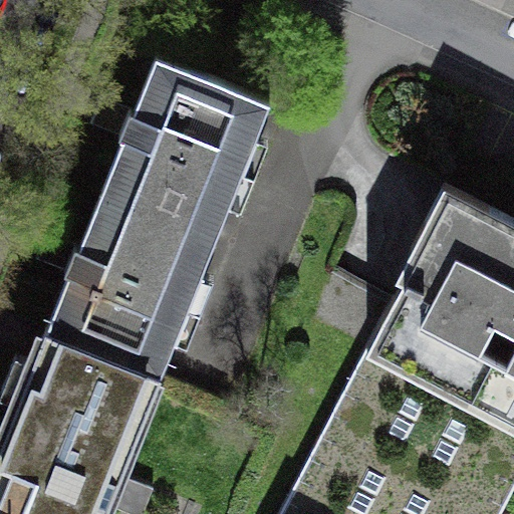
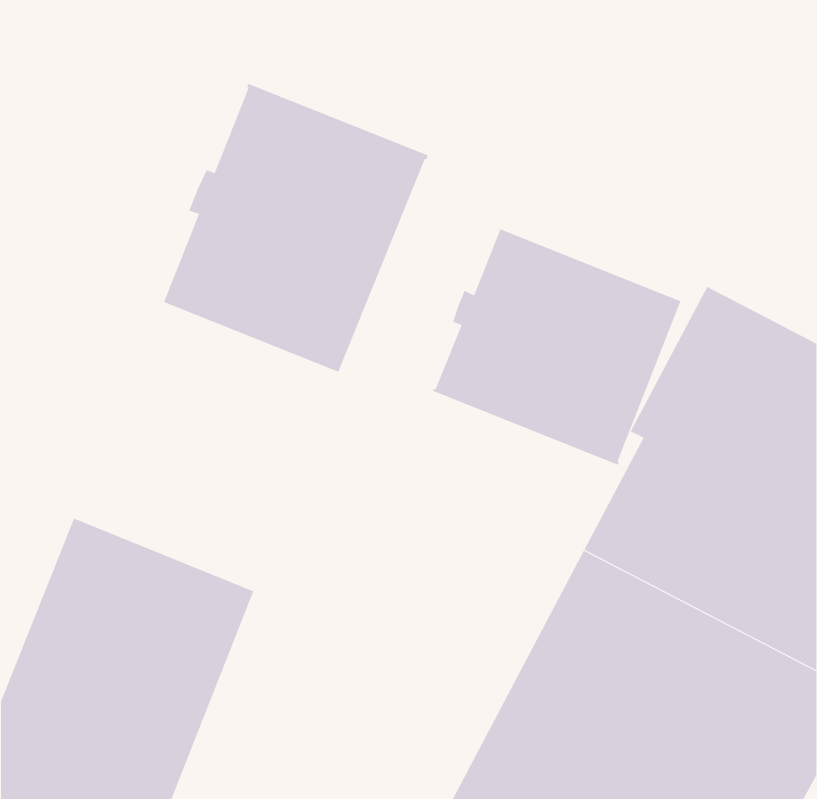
building: none -> [432,229,681,466]
building: [46,201,213,382] -> none

